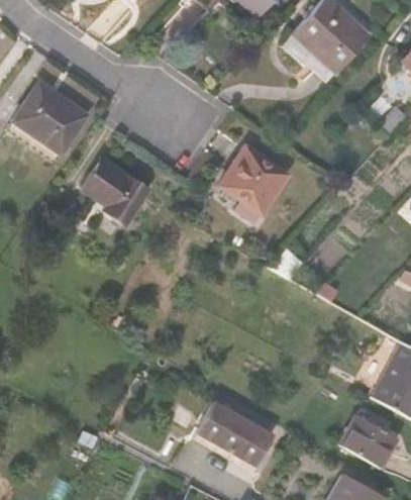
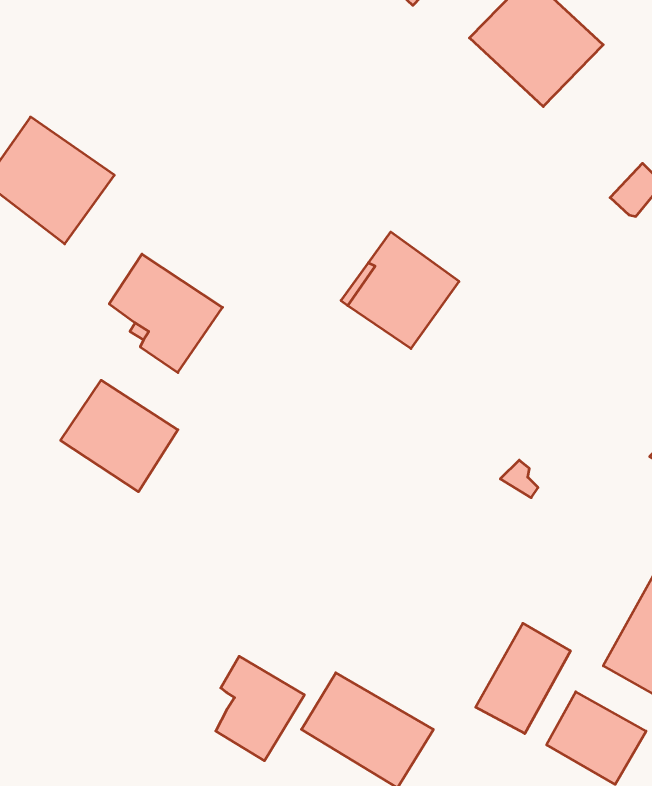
building: none -> [61,380,178,492]
building: none -> [476,623,570,734]
building: none -> [216,656,304,761]

